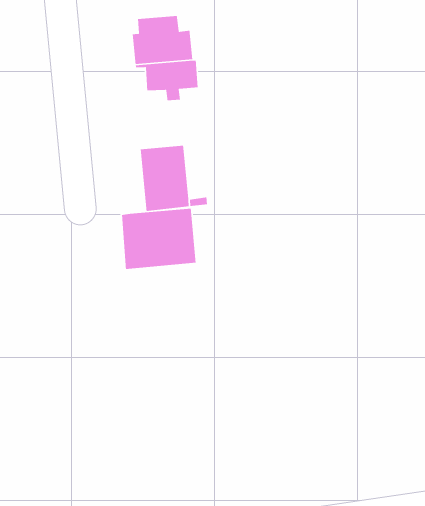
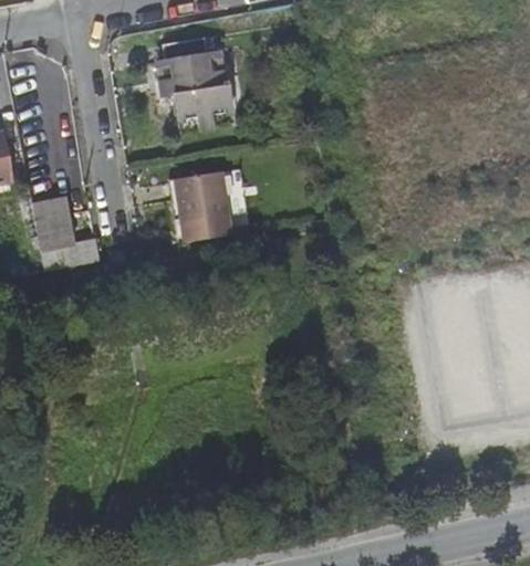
building: none -> [34,197,98,269]
building: [121,208,197,270] -> none

